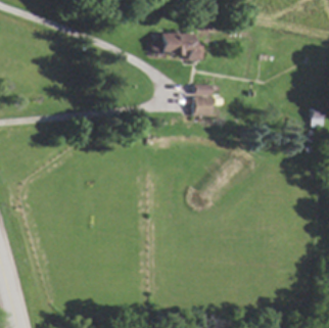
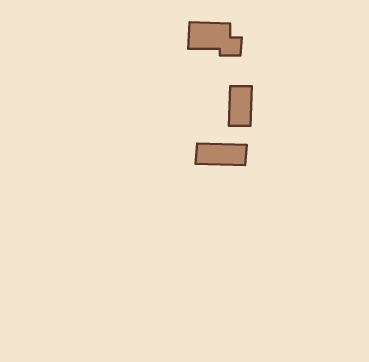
building: none -> [196,143,247,165]

